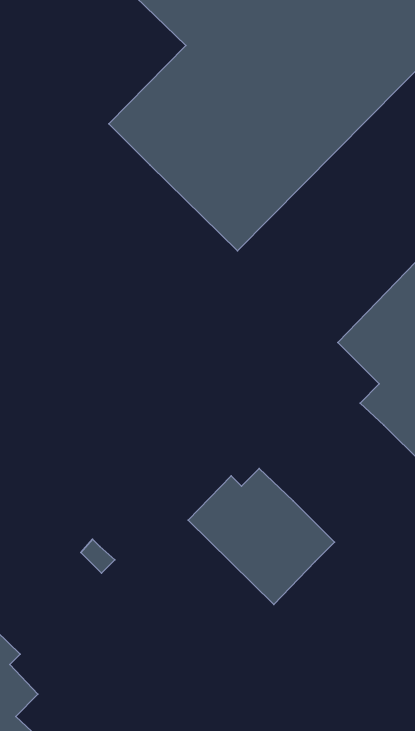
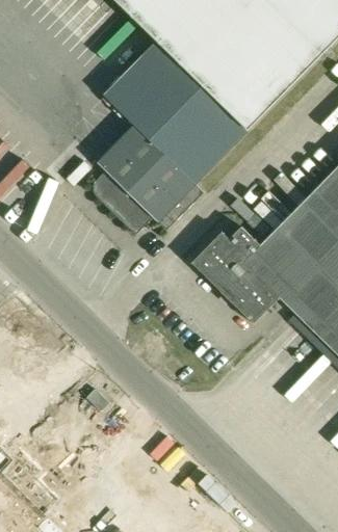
building: none -> [93,123,204,234]
building: [188,468,335,604] -> [191,224,294,320]

